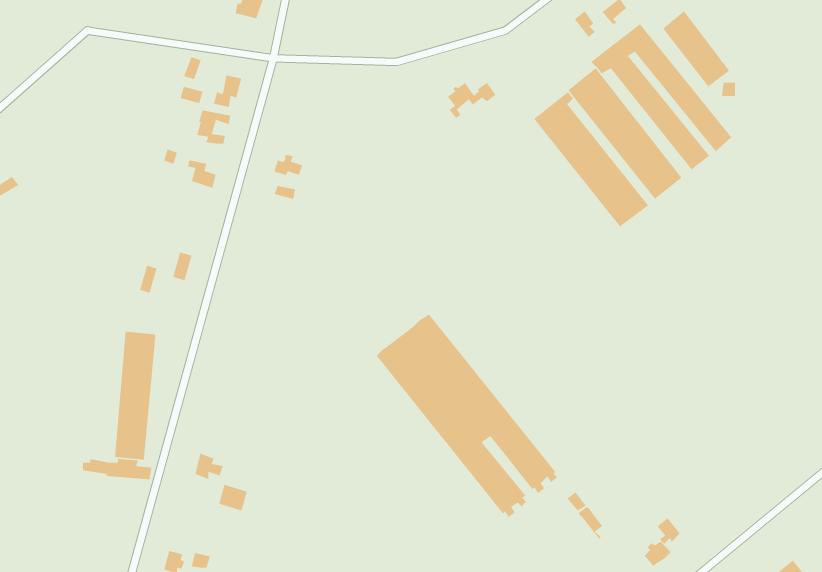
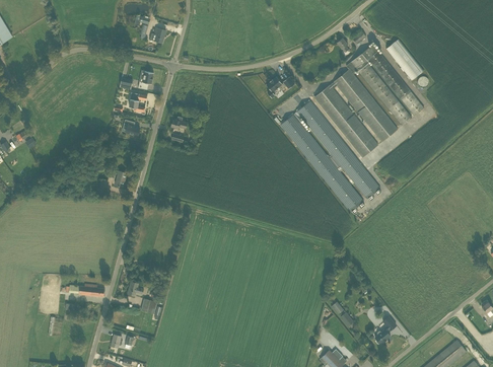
building: [376,314,558,518] -> [281,100,381,213]
building: [114,331,156,460] -> none

